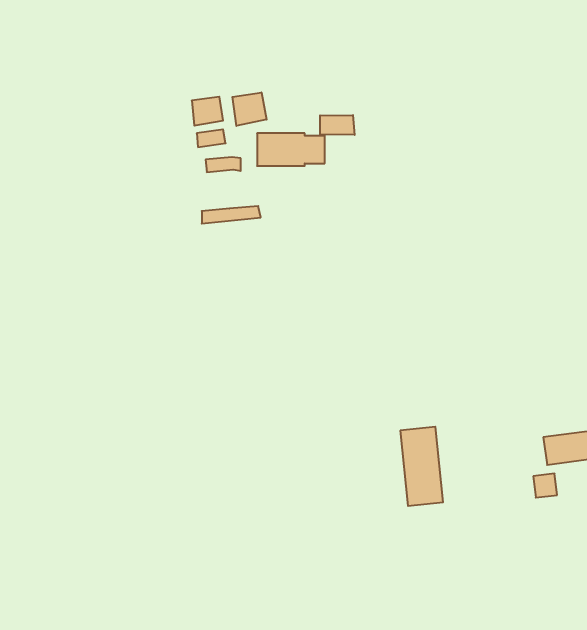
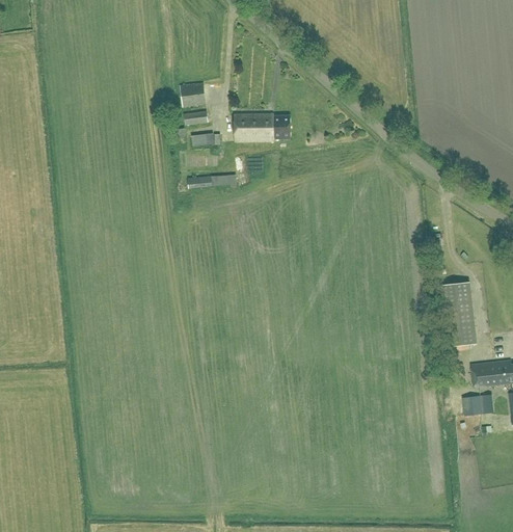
building: [232,92,267,126] -> none
building: [320,115,355,135] -> none
building: [400,427,443,506] -> [440,282,476,347]

